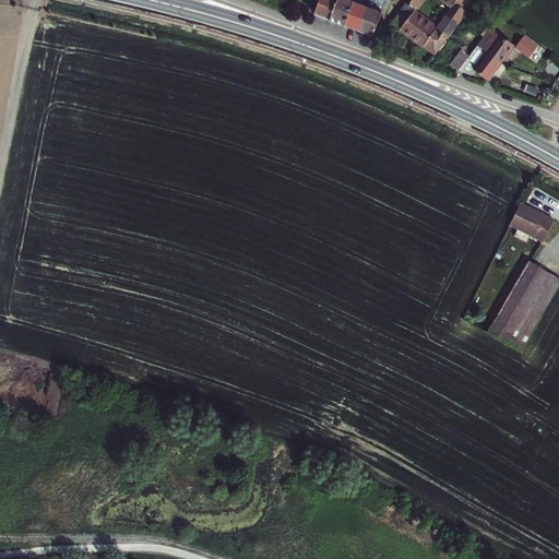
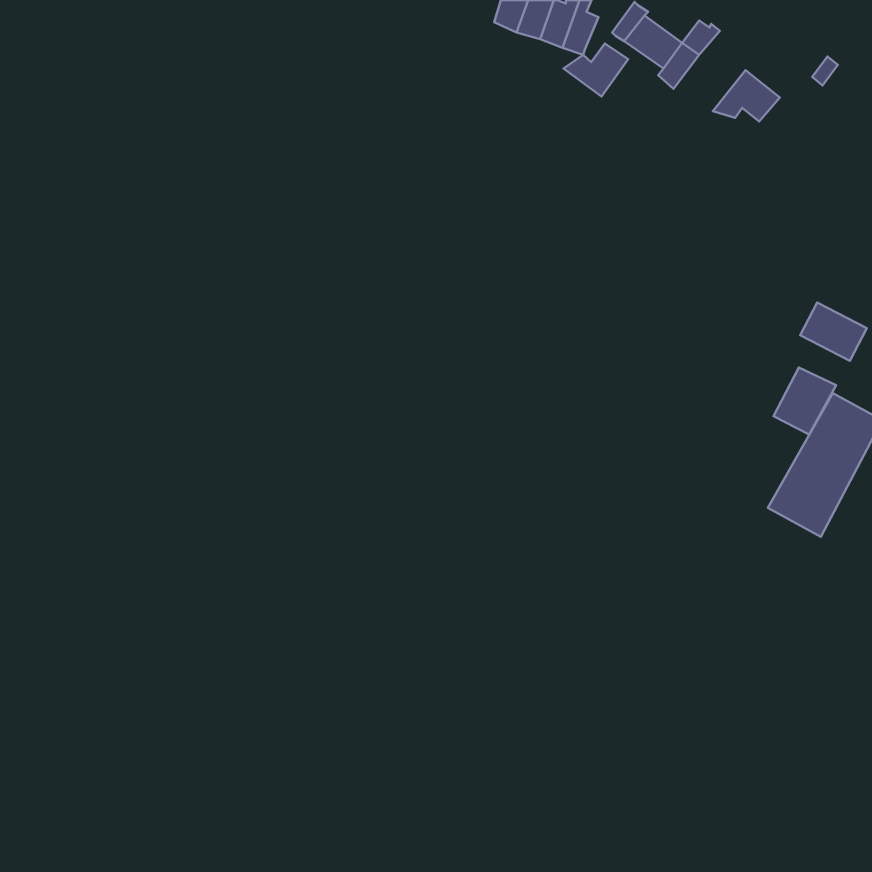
building: none -> [564,44,628,96]
building: [477,37,513,63] -> none
building: none -> [774,368,836,435]

